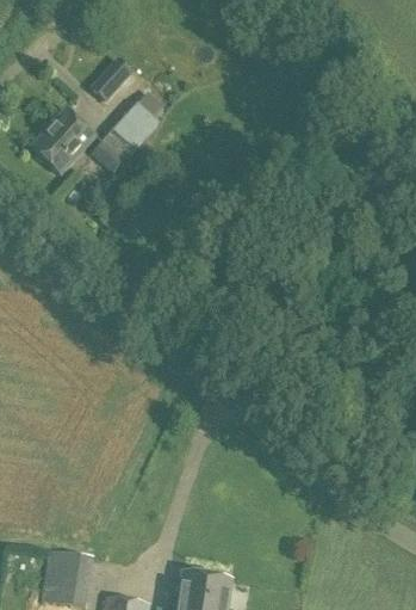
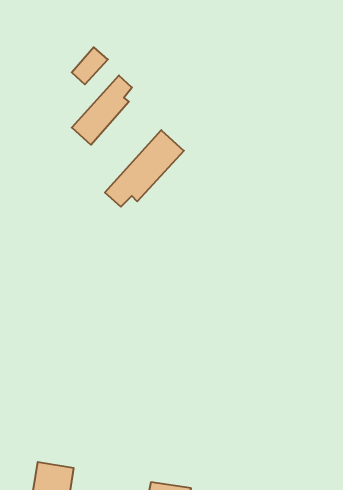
building: [31,109,94,174] -> none
building: none -> [105,130,184,207]

